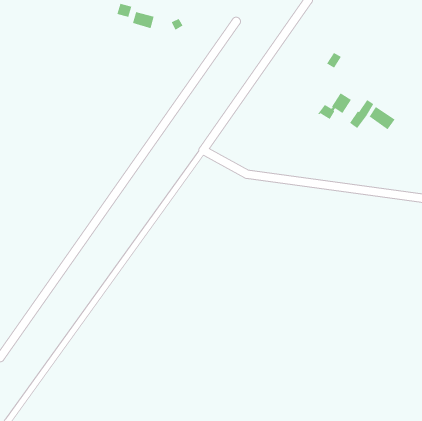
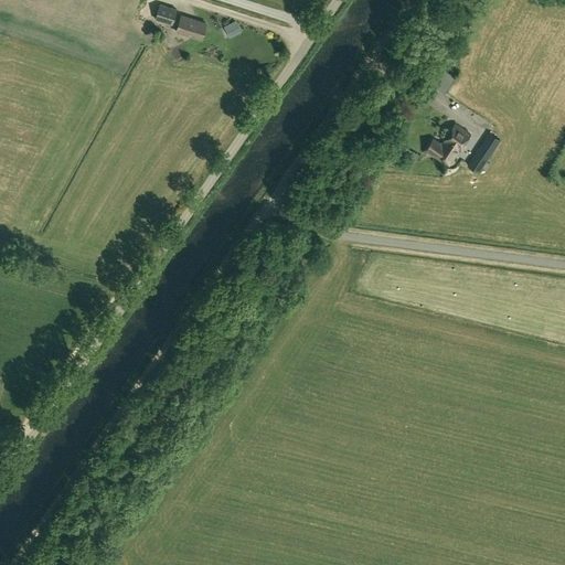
building: [369,106,395,130] -> none

